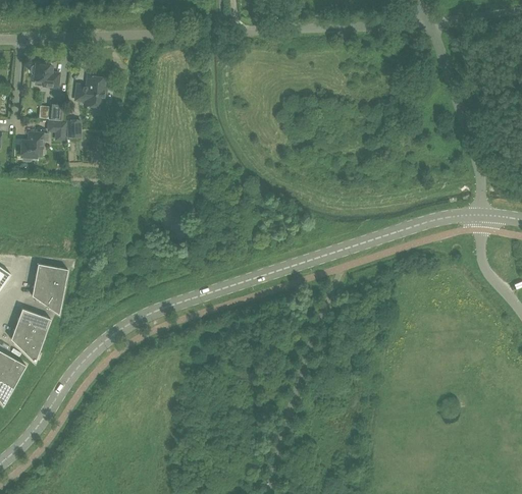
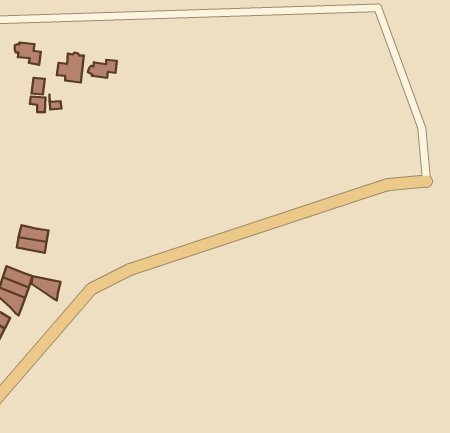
building: none -> [88,60,117,78]
building: [20,132,43,161] -> none
building: [32,287,63,314] -> [32,276,61,301]

